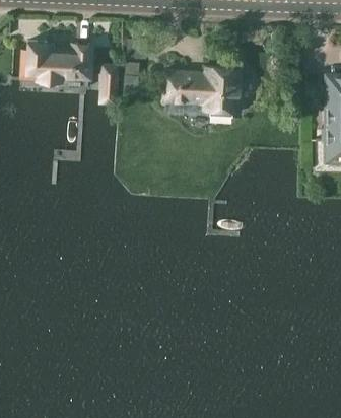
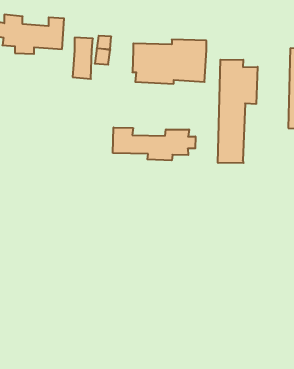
building: none -> [218,60,258,163]
building: none -> [113,127,195,160]

